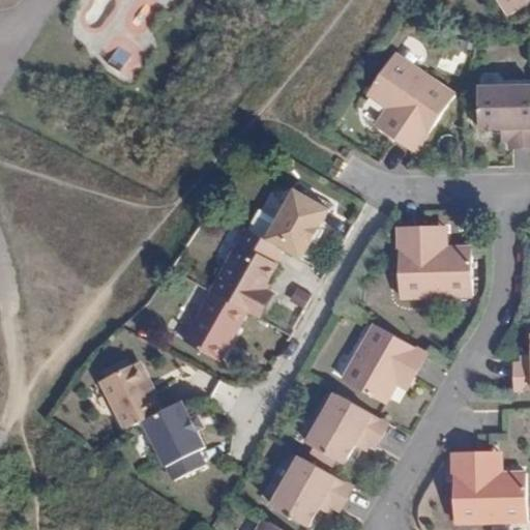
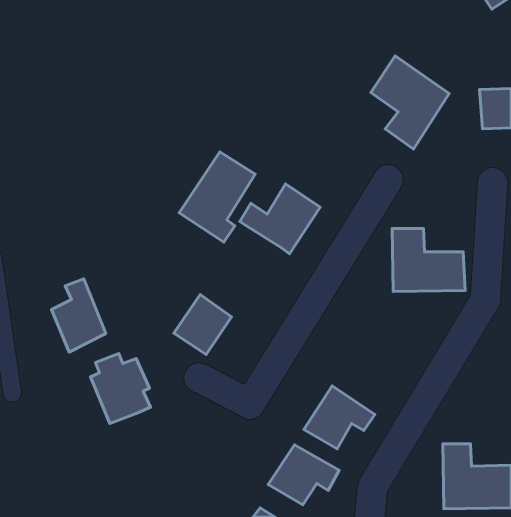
building: [209,230,287,322] -> [179,152,255,242]
building: none -> [52,279,106,352]
building: [350,325,428,394] -> none
building: [139,404,200,484] -> none

